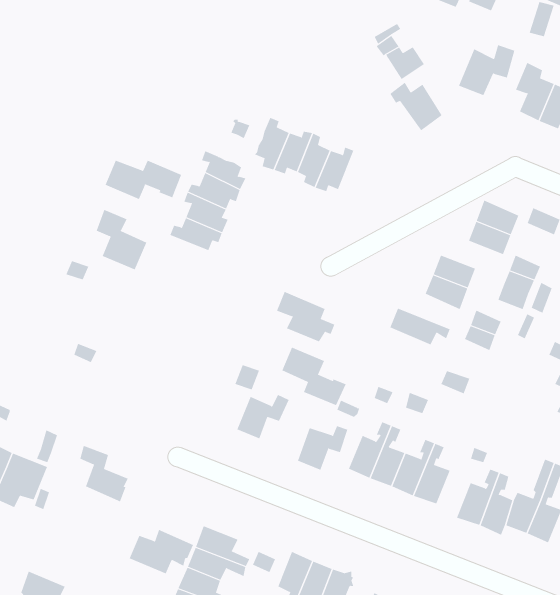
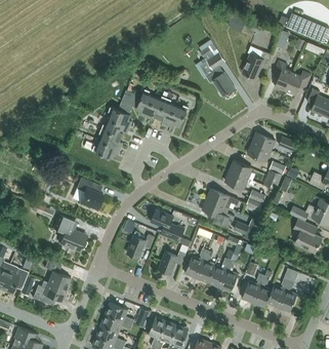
building: [105,160,182,200] -> none
building: [96,209,147,270] -> [77,178,104,209]
building: [276,291,335,342] -> [203,199,234,226]
building: none -> [54,215,87,253]
building: [129,529,194,574] -> [33,282,67,306]

